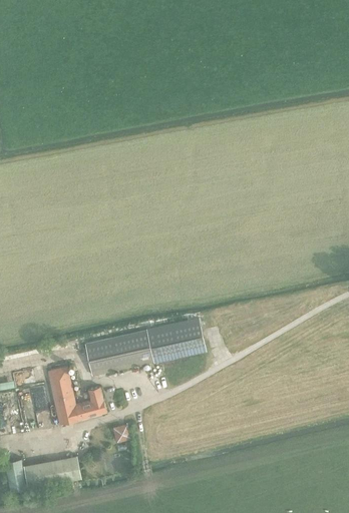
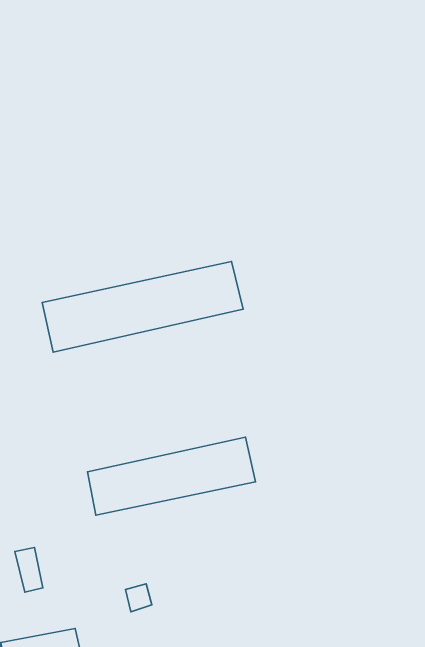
building: none -> [42,262,243,352]
building: [47,366,105,424] -> none

